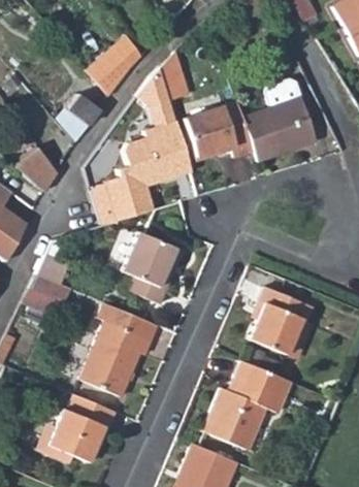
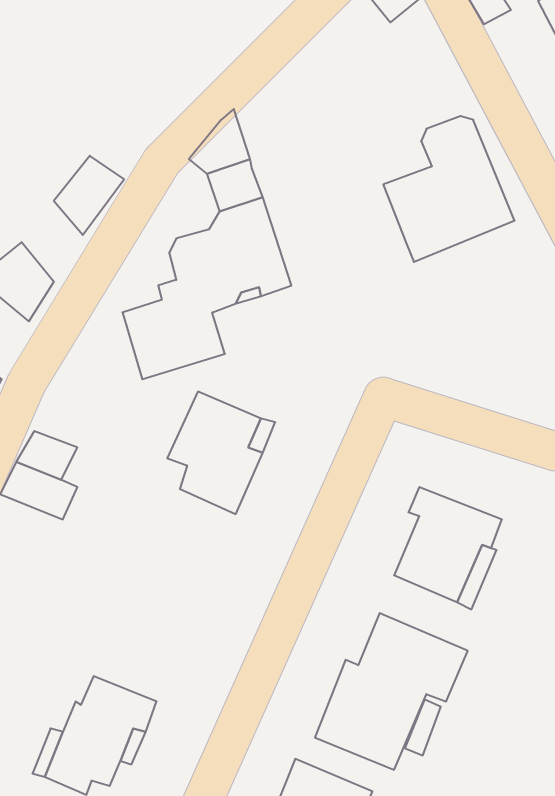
building: [85,36,140,95] -> none
building: [159,56,189,104] -> none
building: [186,99,258,161] -> none
building: [79,301,158,395] -> none

